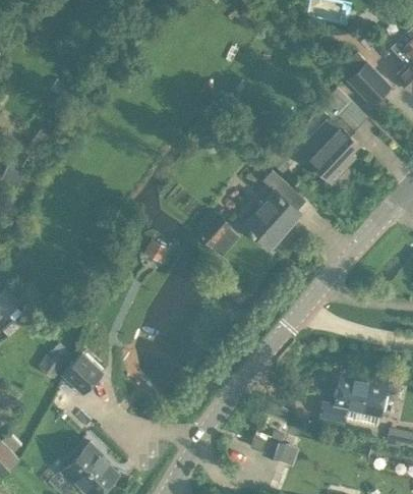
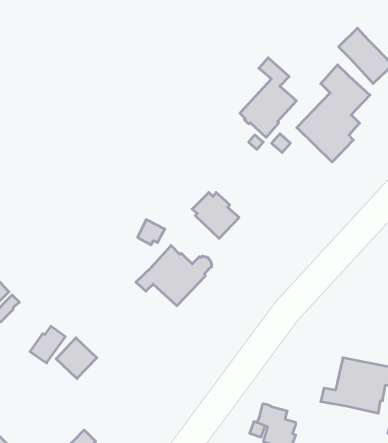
building: [245,171,300,249] -> [240,58,296,137]
building: none -> [136,245,212,306]

